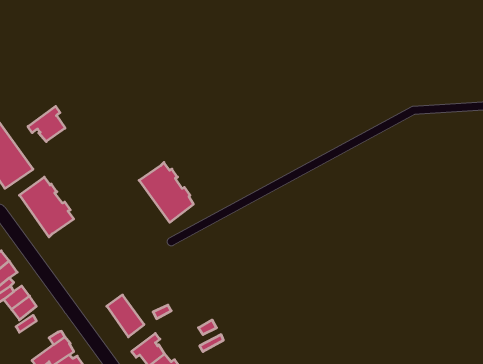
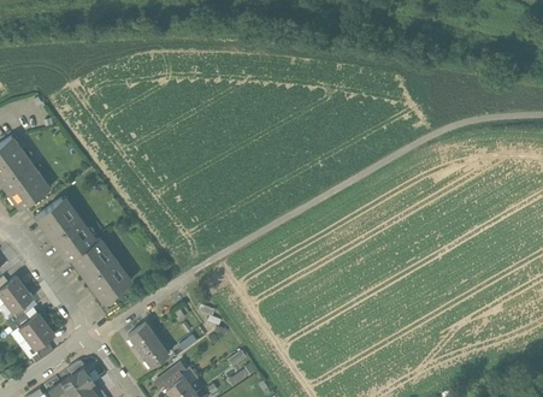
building: [28,106,65,142] -> none
building: [139,162,193,222] -> [71,238,129,302]

